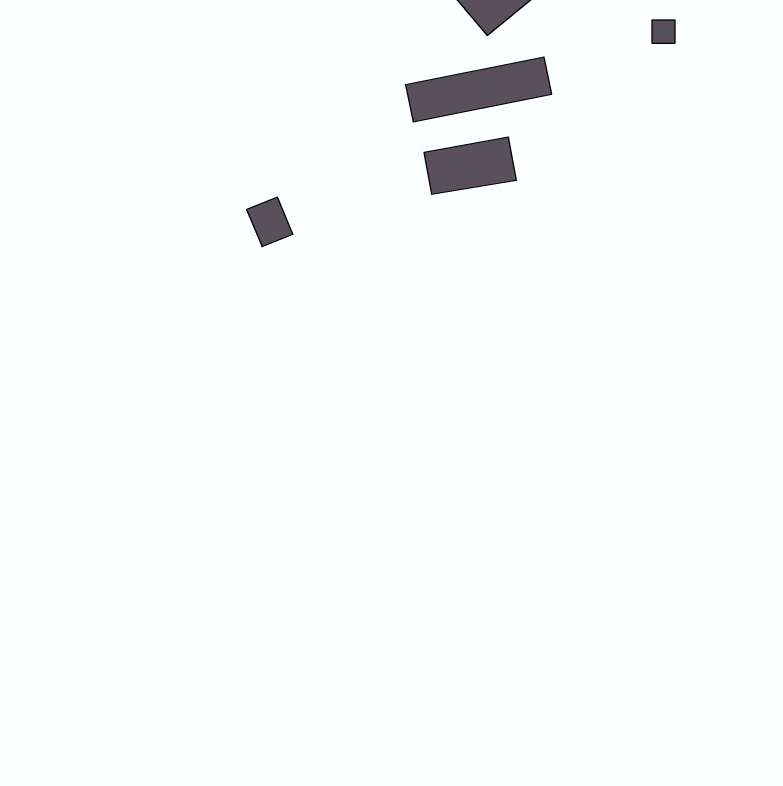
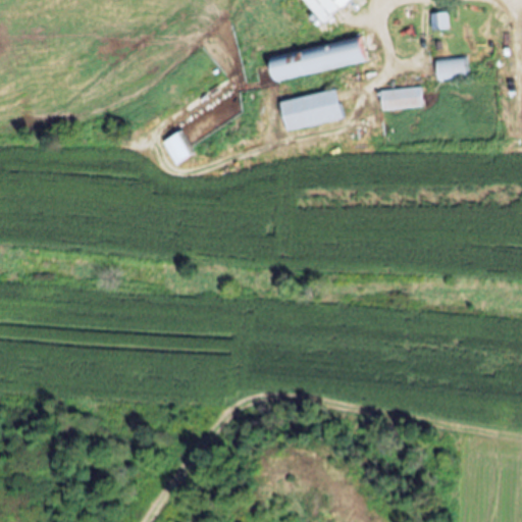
building: none -> [435,57,467,81]
building: none -> [379,87,422,110]

